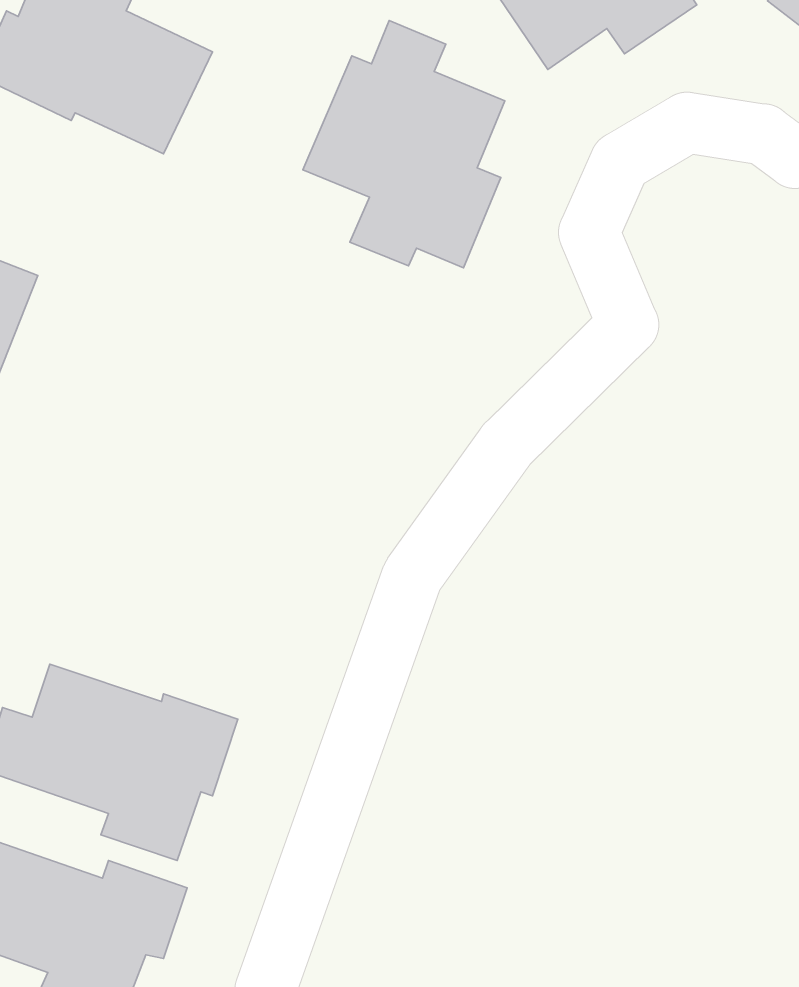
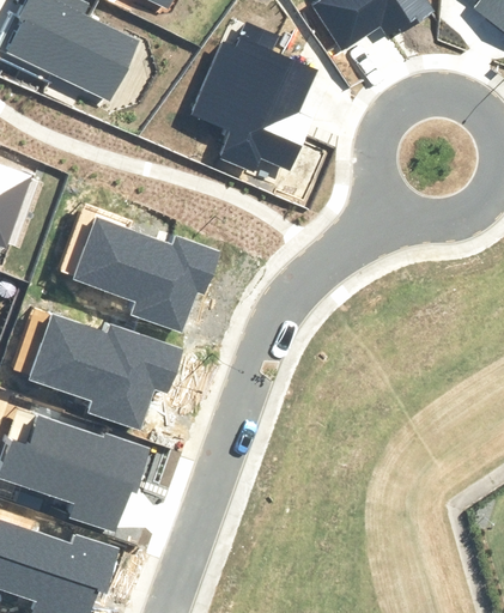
building: none -> [69,217,219,332]
building: none -> [28,314,182,431]

